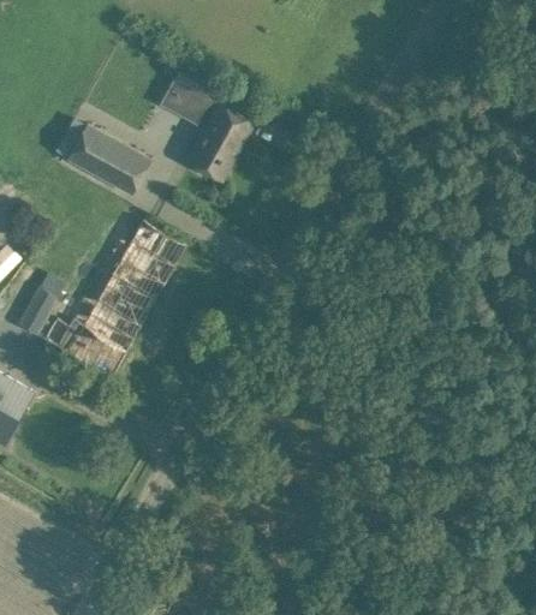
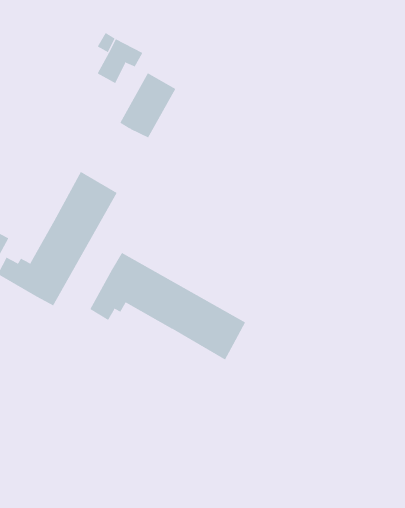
building: [67,125,149,193] -> none
building: none -> [90,252,246,360]

